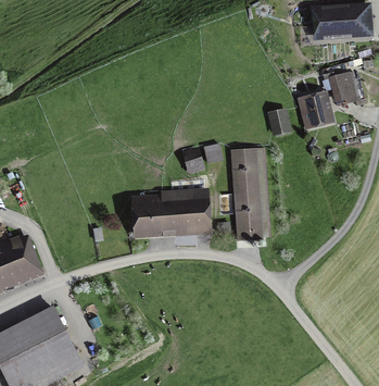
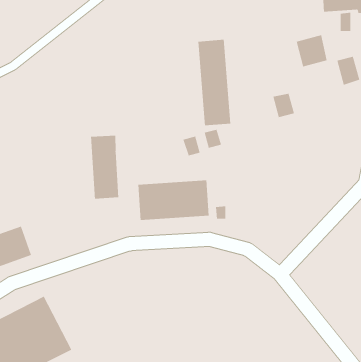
building: [302,96,332,127] -> [296,35,327,67]
building: none -> [90,135,119,200]
building: [233,153,266,237] -> [198,39,231,126]

